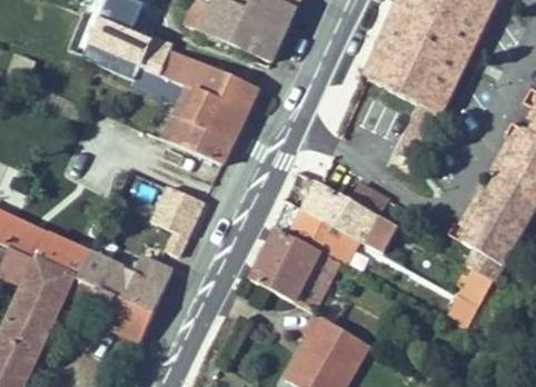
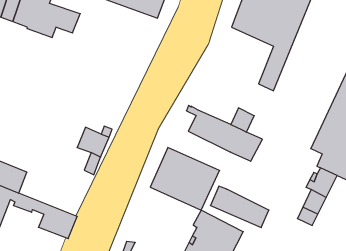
building: [133,49,258,163] -> none
building: [281,205,357,261] -> [210,186,269,228]
building: [79,251,172,312] -> none

